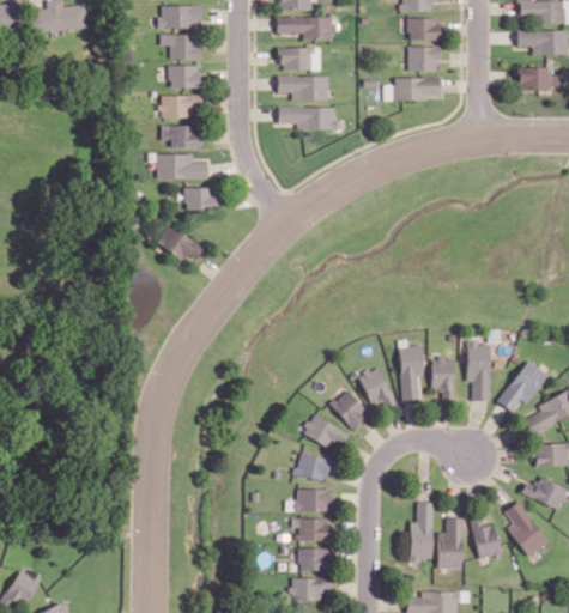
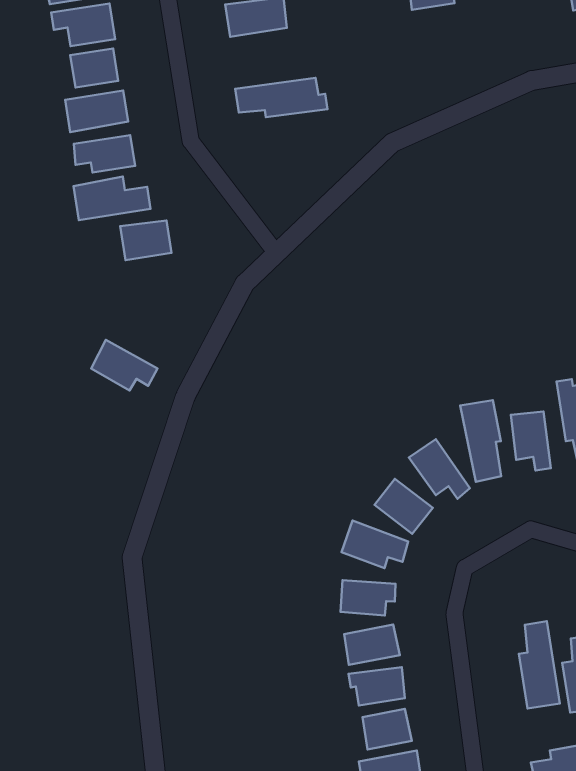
building: [277,75,328,101] -> none
building: [383,77,441,101] -> none
building: [157,224,202,261] -> [91,340,158,390]

